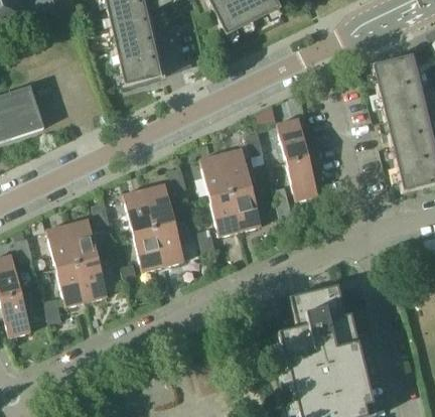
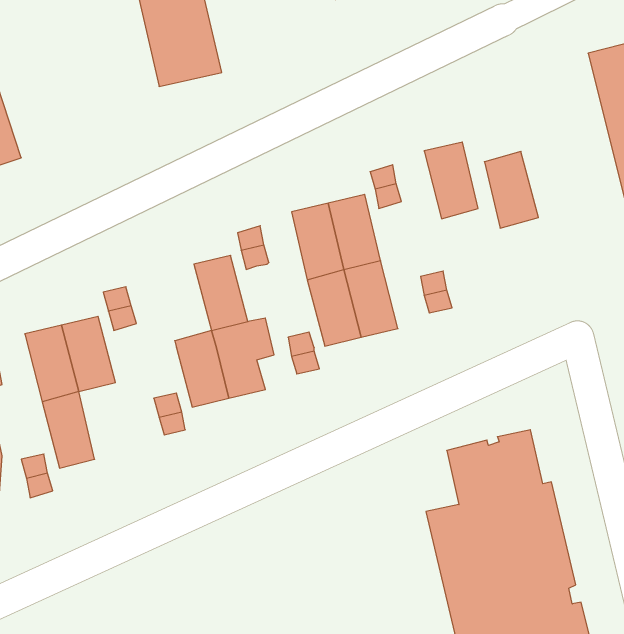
building: [288,155,319,199] -> [484,151,538,228]
building: [125,187,155,232] -> none
building: [79,256,114,300] -> none

